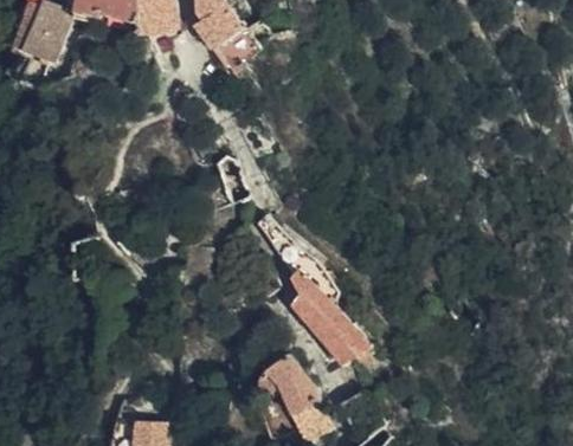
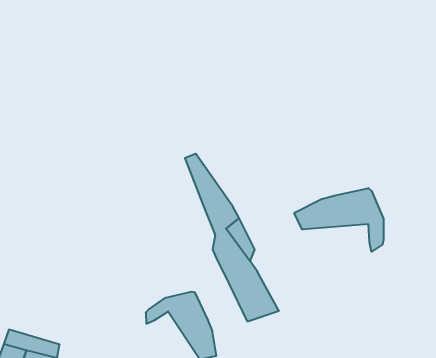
building: none -> [294,188,383,252]

